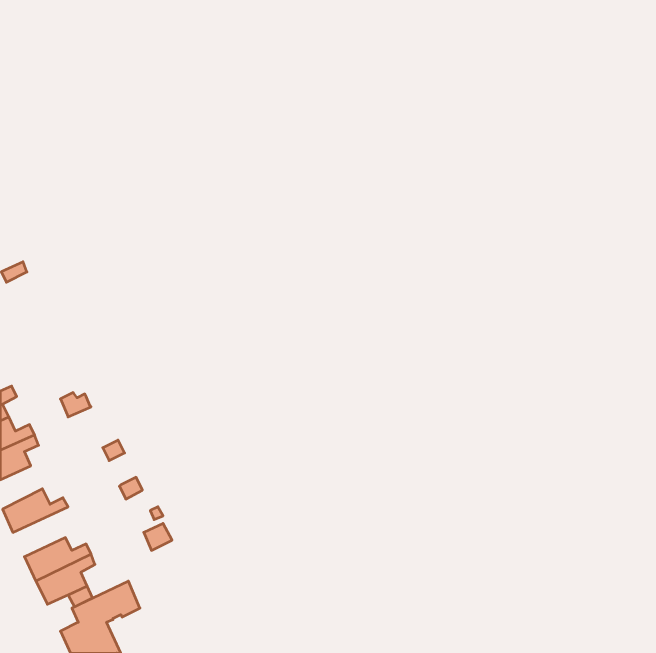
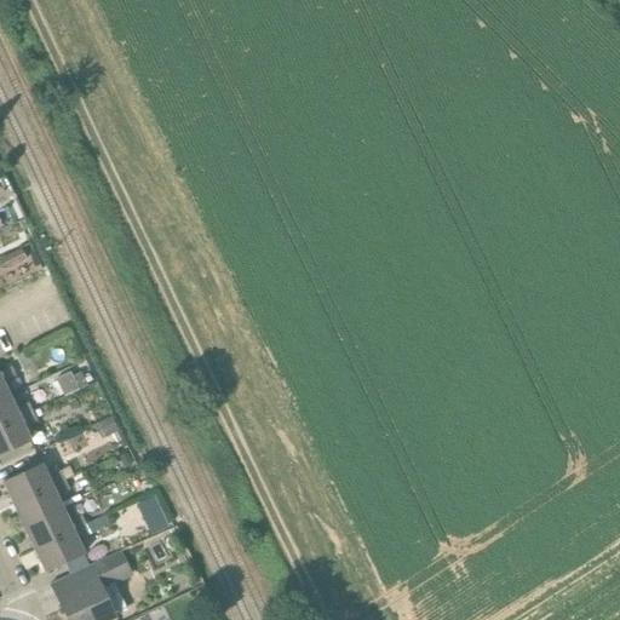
building: none -> [12,478,69,526]

